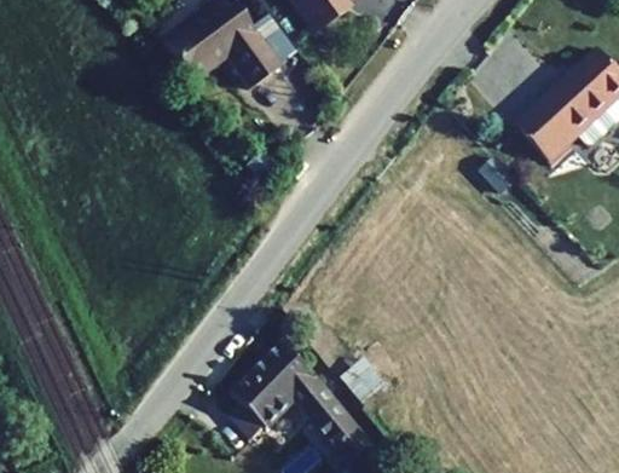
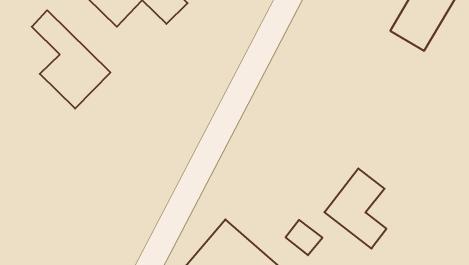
building: none -> [32,10,110,109]
building: none -> [324,168,386,249]

